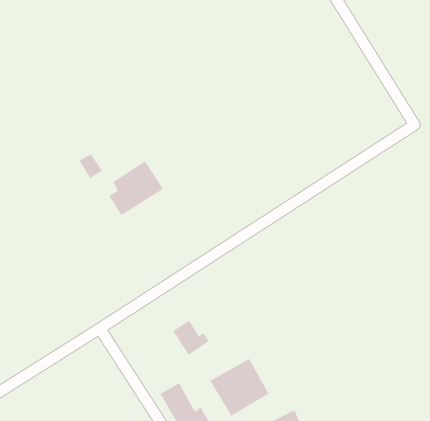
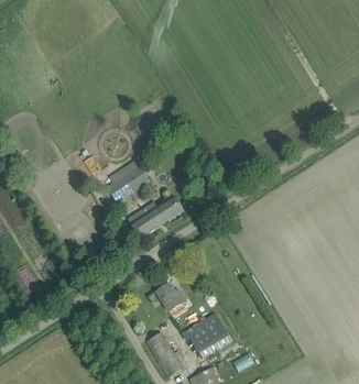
building: none -> [128,195,184,237]

